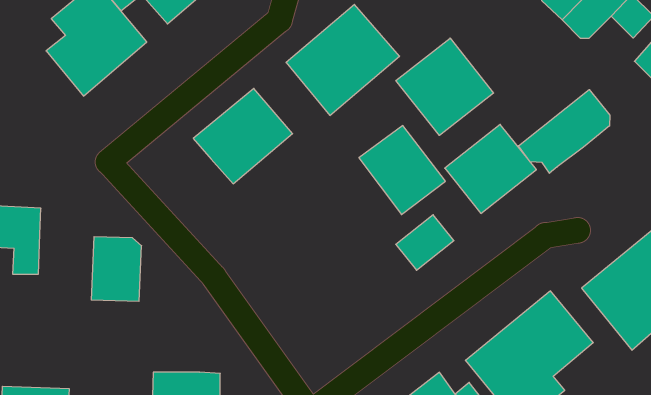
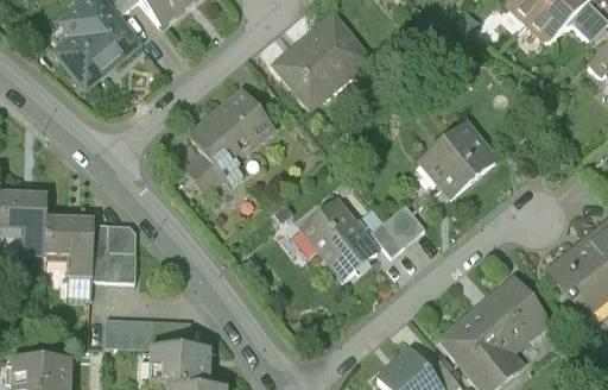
building: [396,38,494,135] -> none
building: [518,90,610,173] -> none
building: [359,126,445,215] -> [299,201,379,283]
building: none -> [184,152,223,194]
building: none -> [43,221,94,282]
building: none -> [106,319,191,348]

